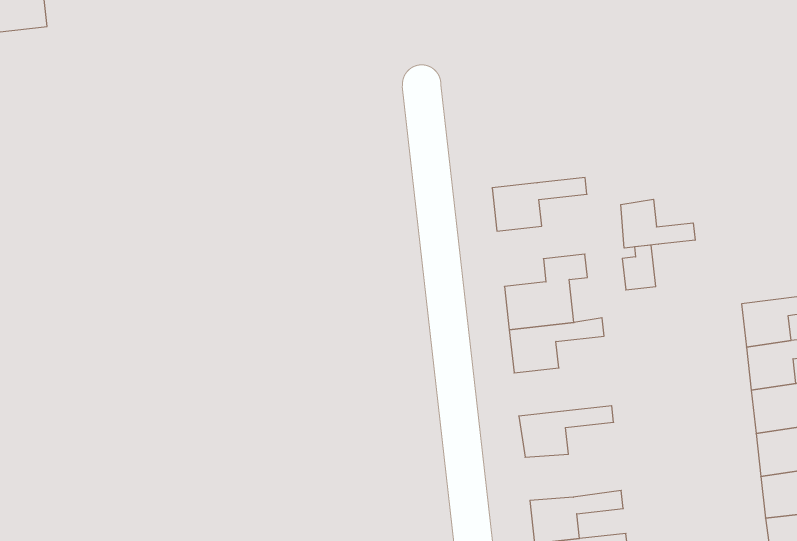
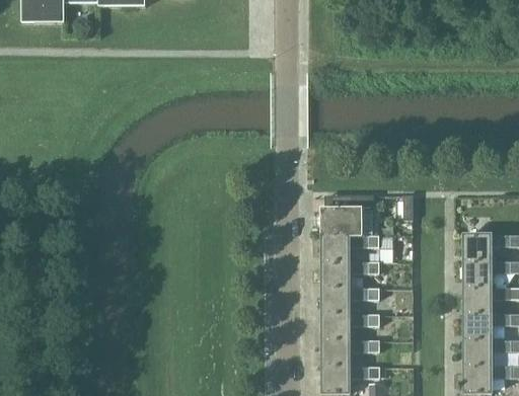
building: [492,178,587,231] -> [322,261,379,288]
building: [621,199,695,248] -> none
building: none -> [323,313,379,340]

